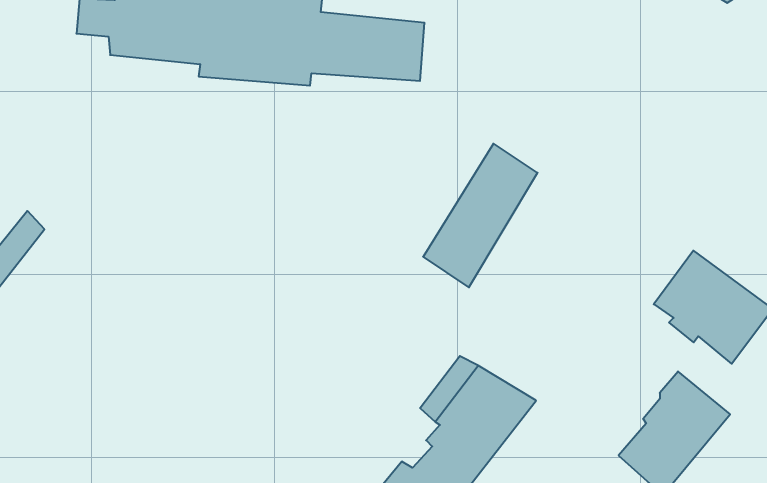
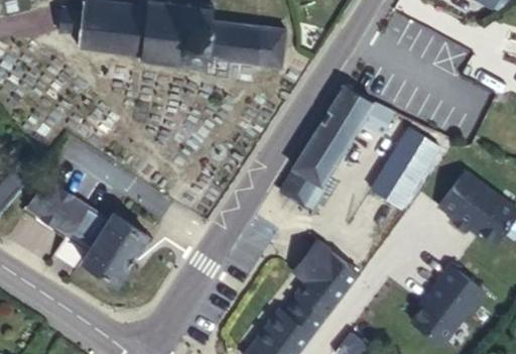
building: none -> [333,80,378,126]
building: none -> [370,128,437,209]
building: none -> [27,181,148,283]

